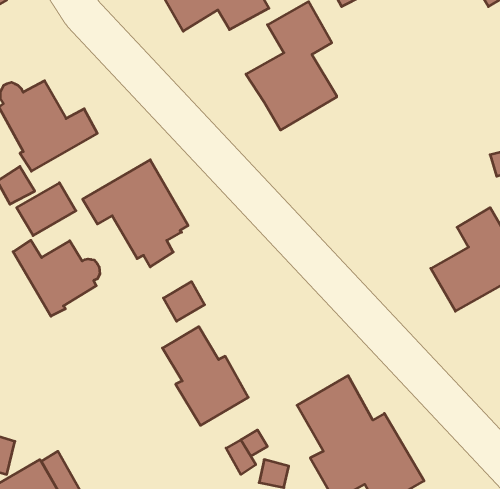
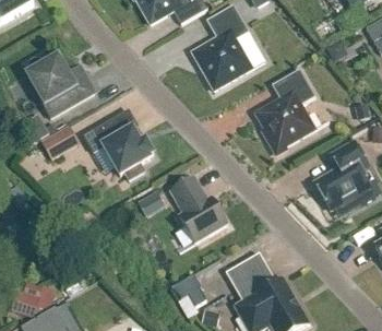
building: none -> [254,68,314,152]
building: [13,240,100,316] -> none
building: [162,327,248,425] -> [169,176,226,241]

